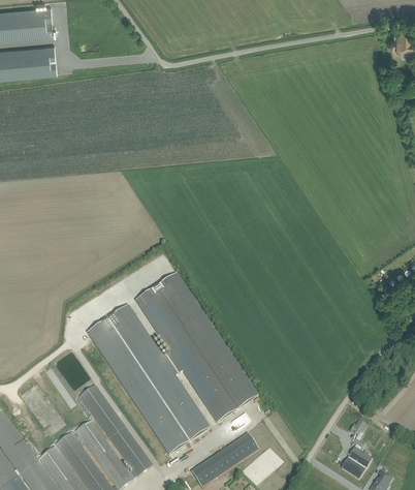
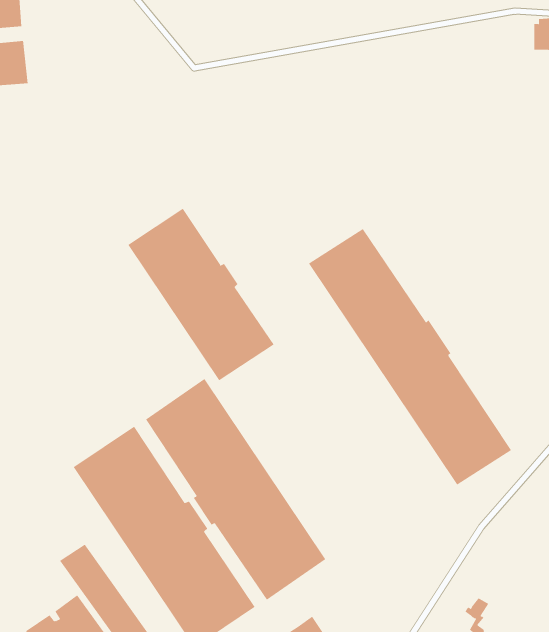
building: none -> [128,208,274,381]
building: none -> [308,228,512,486]

